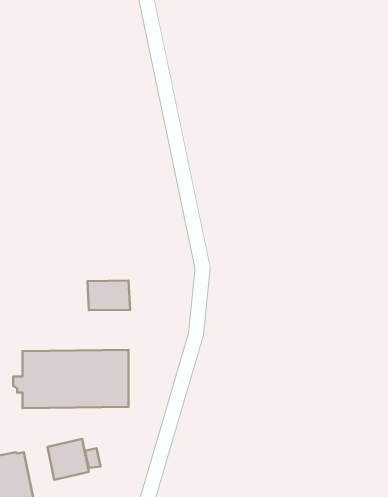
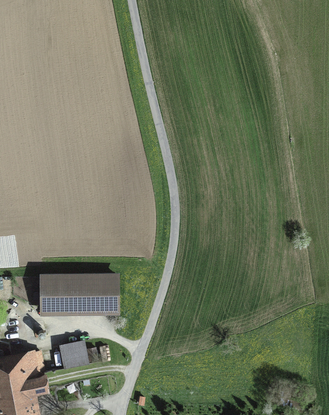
building: [87,281,130,310] -> none

